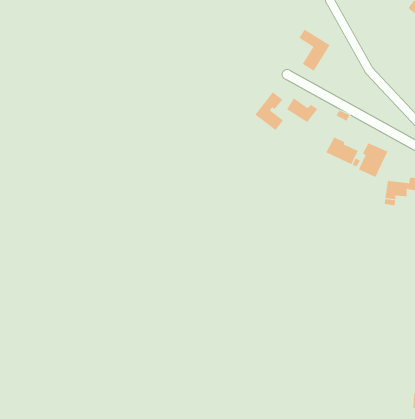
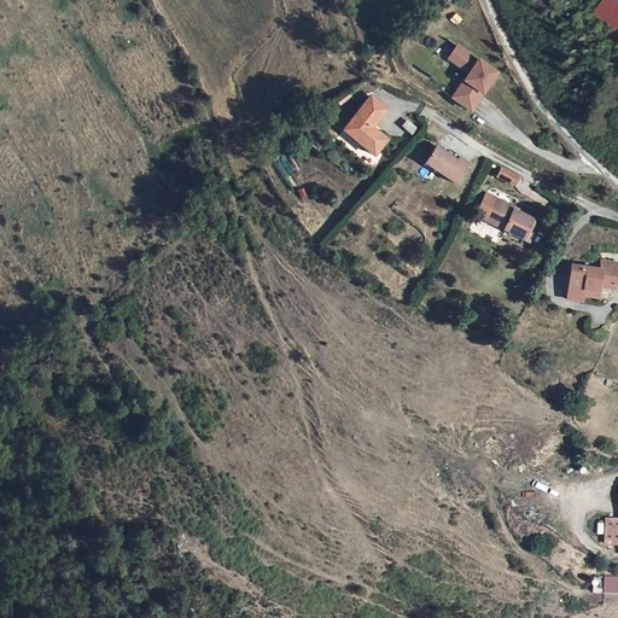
building: [254,92,284,131] -> [342,97,385,154]
building: [358,143,388,178] -> none

